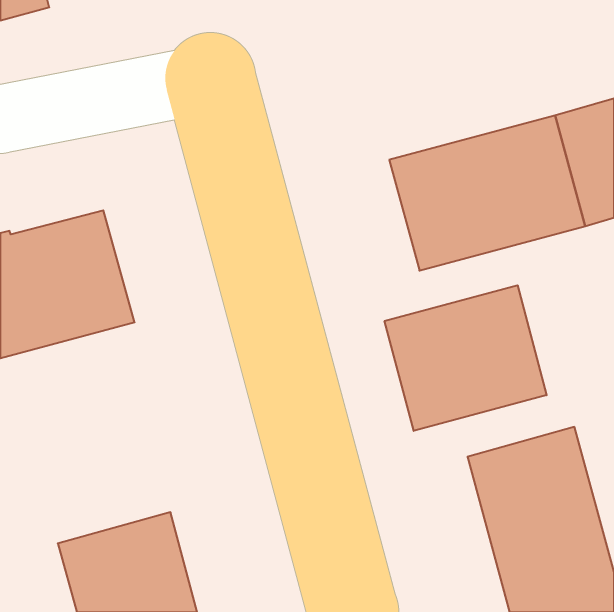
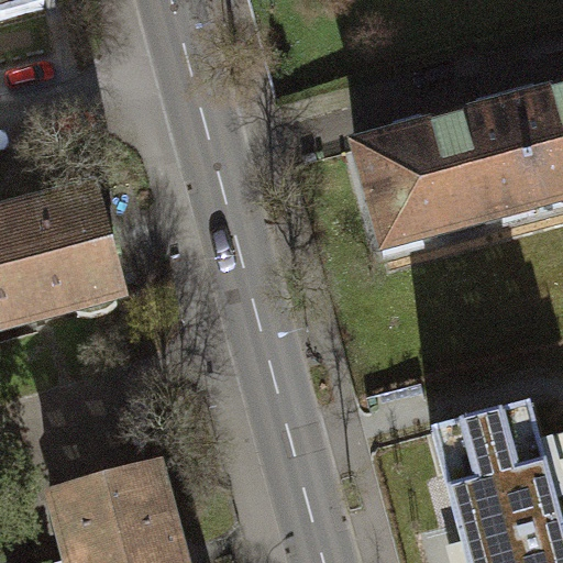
building: [385,285,547,431] -> none

